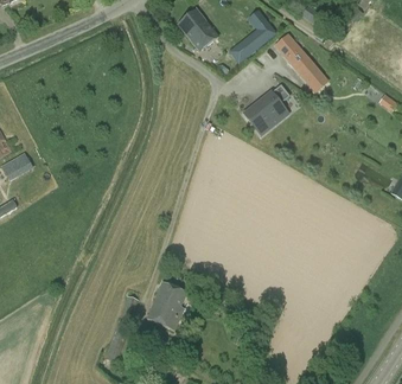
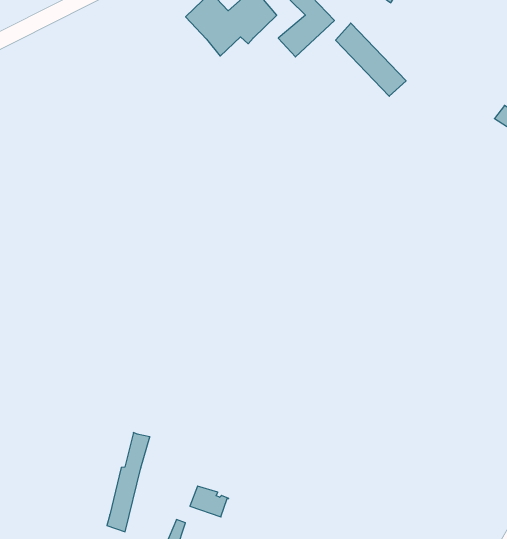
building: [242,84,288,128] -> none
building: [146,282,185,328] -> none

